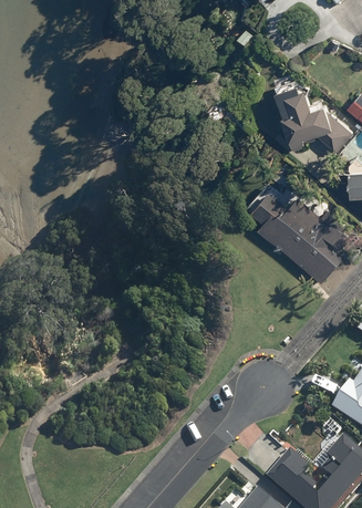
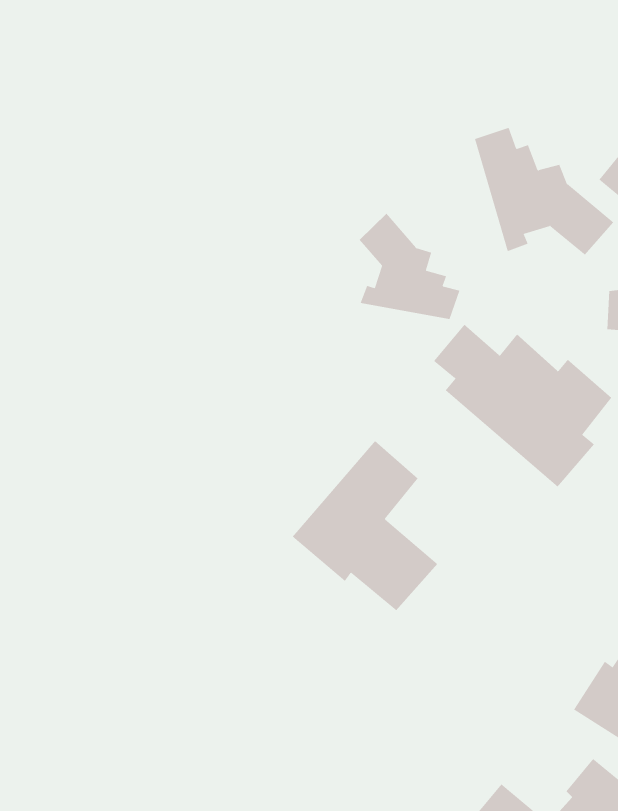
building: none -> [359,213,460,320]
building: none -> [292,440,438,611]

